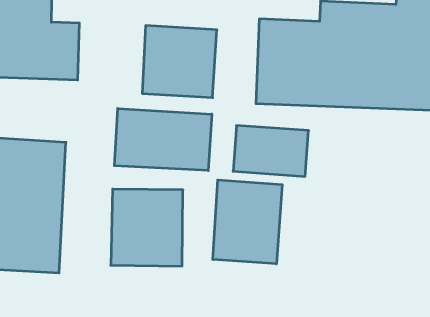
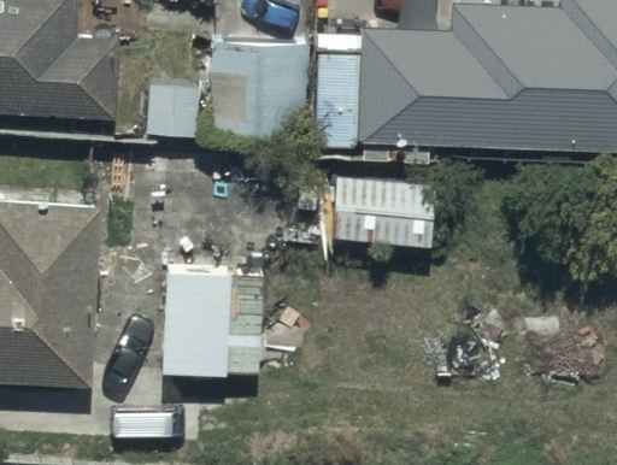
building: [114,108,212,171] -> none
building: [213,180,282,264] -> none

